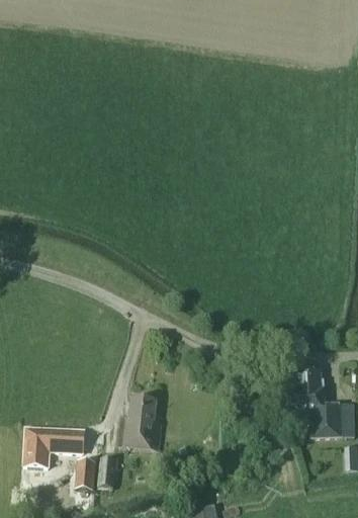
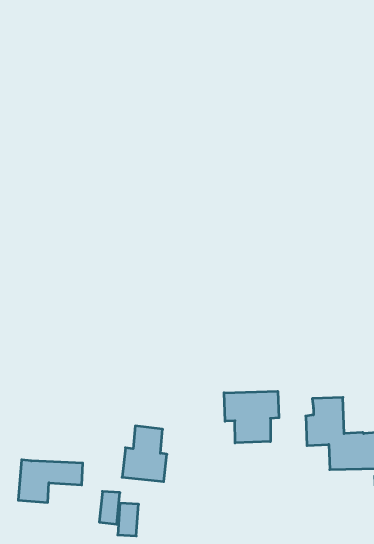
building: none -> [224,391,279,443]
building: [76,459,95,490] -> [118,503,139,536]

